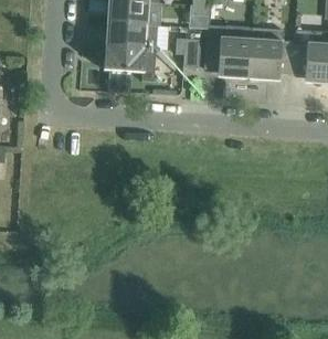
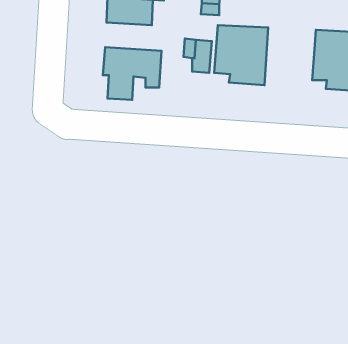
building: [105,22,157,47] -> none
building: [248,27,294,81] -> none

